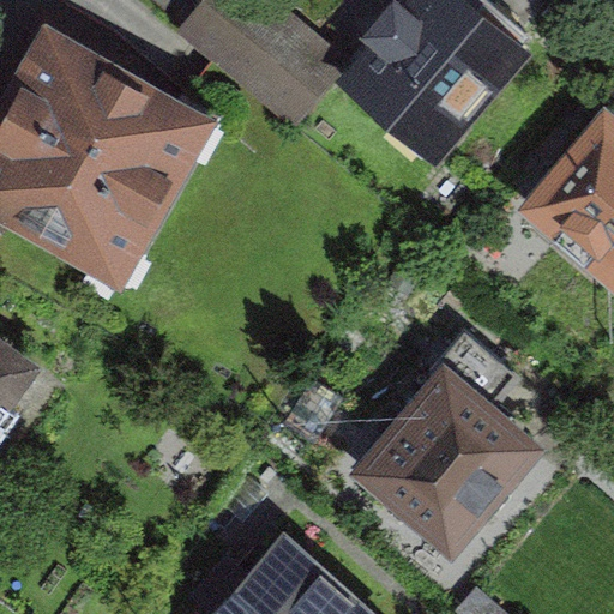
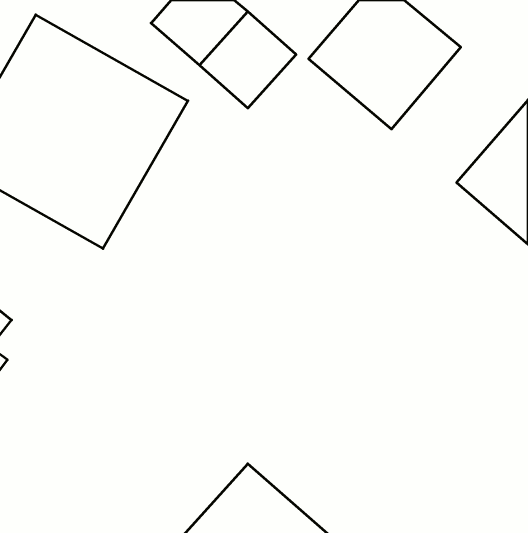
building: [355,366,547,560] -> none

